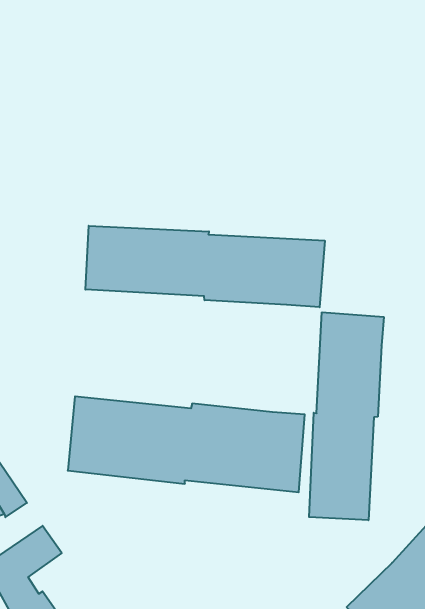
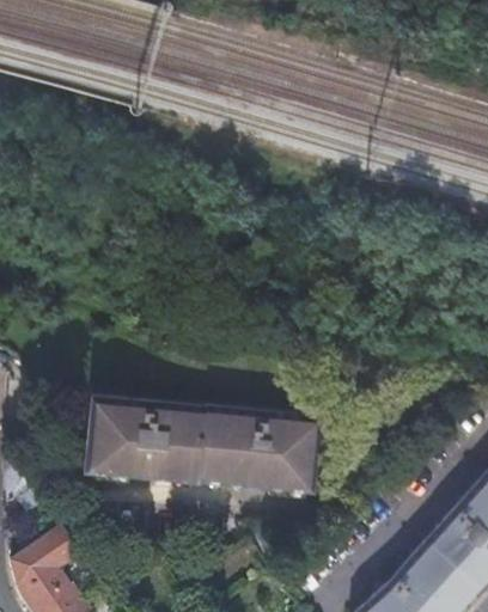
building: [85,226,325,307] -> none
building: [309,312,384,520] -> none

